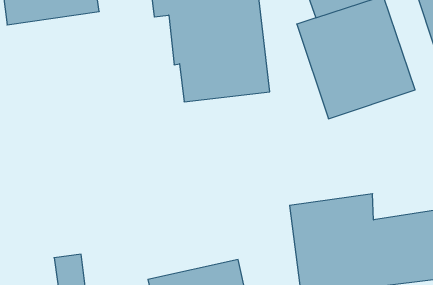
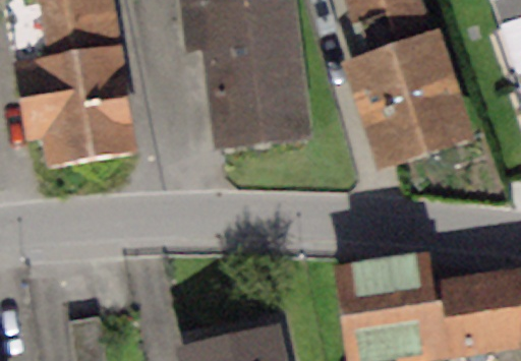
building: none -> [17,46,136,166]

